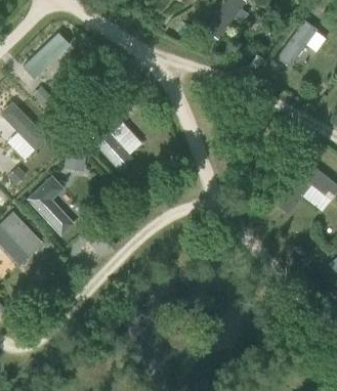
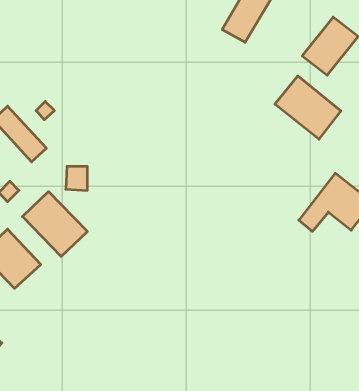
building: [22,31,76,86] -> none
building: none -> [275,76,341,139]
building: [91,118,143,170] -> none

